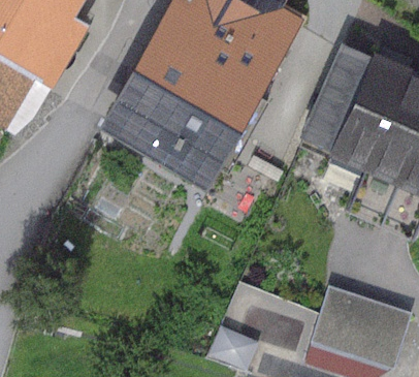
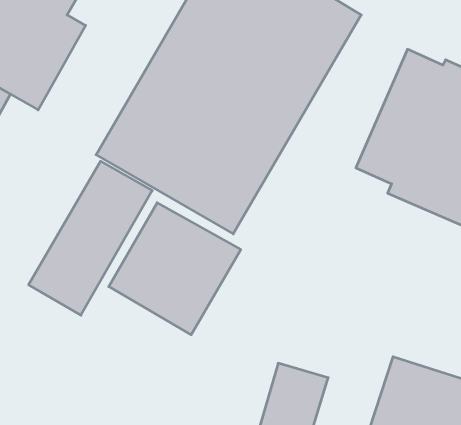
building: none -> [29,161,152,315]
building: none -> [109,203,241,335]

